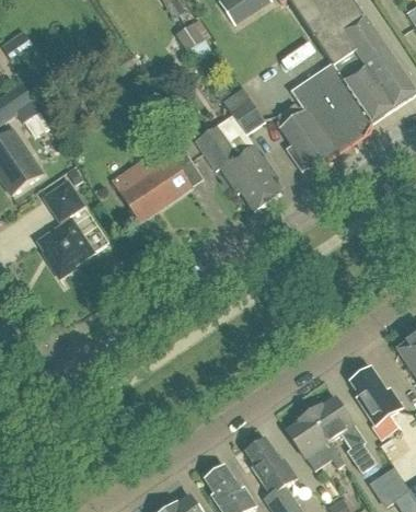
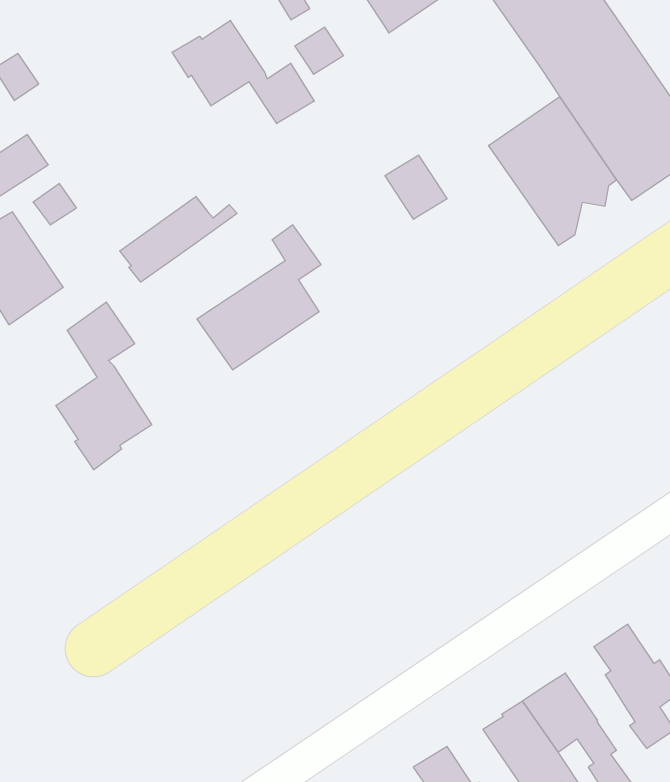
building: none -> [172,20,314,124]
building: [277,102,332,171] -> none
building: none -> [120,196,237,282]
building: [195,124,281,210] -> none

